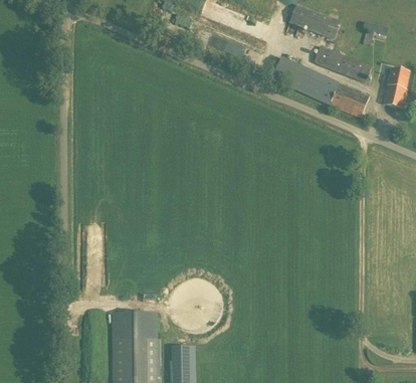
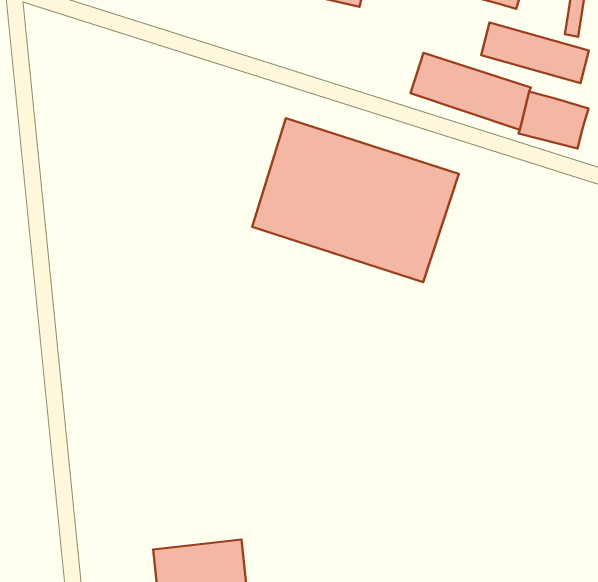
building: none -> [252,118,459,282]

